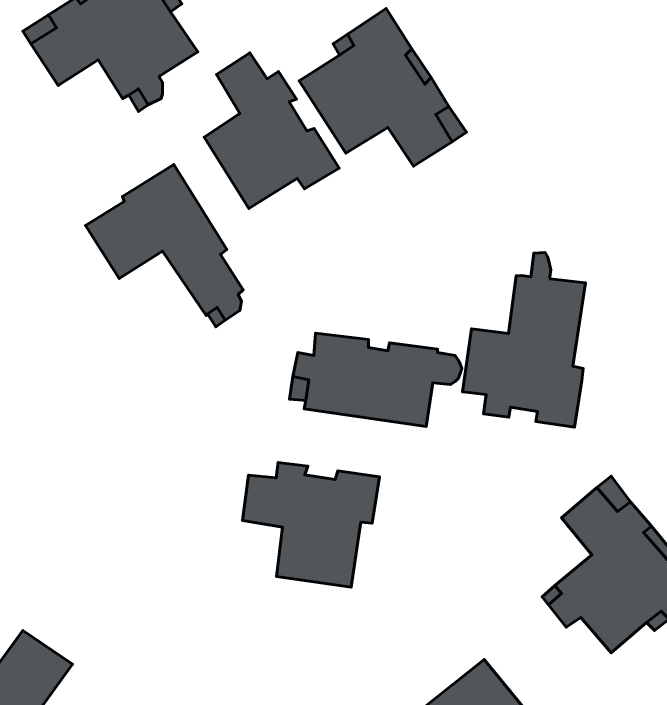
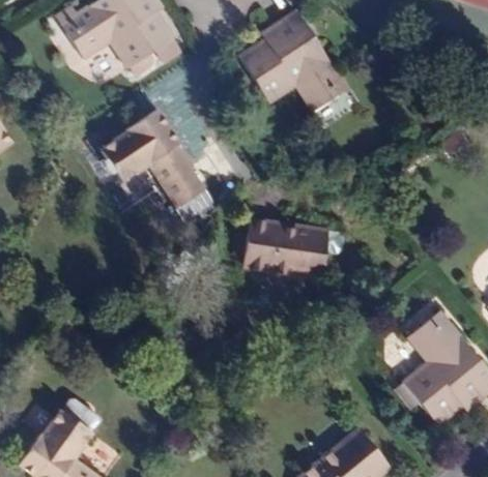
building: [204,53,339,209] -> none
building: [462,253,586,427] -> none
building: [242,463,380,587] -> none

